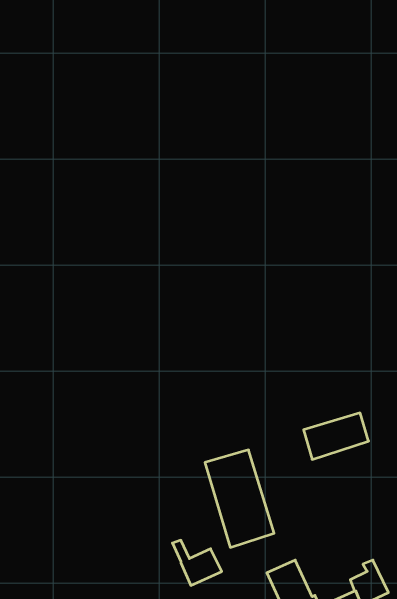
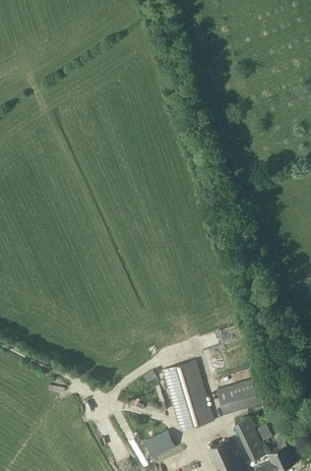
building: [304,413,369,459] -> [216,377,263,411]
building: none -> [234,416,266,460]

